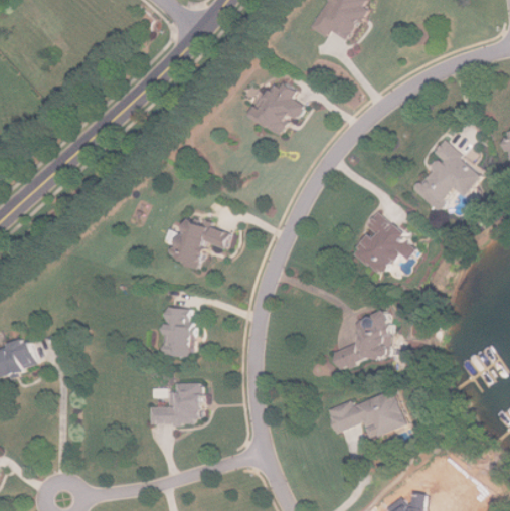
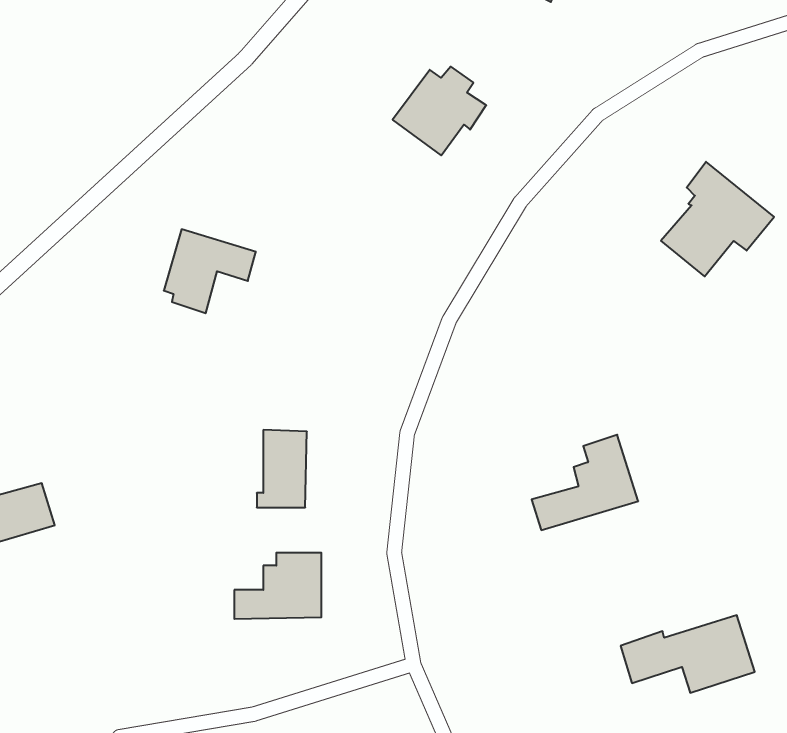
building: [350,211,418,275] -> none
building: [173,217,230,270] -> [164,229,256,313]
building: [324,390,407,439] -> [621,615,755,693]

